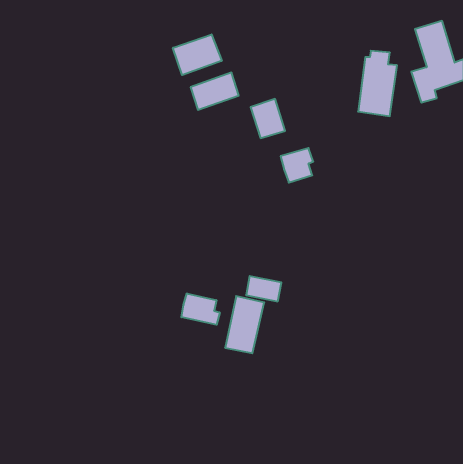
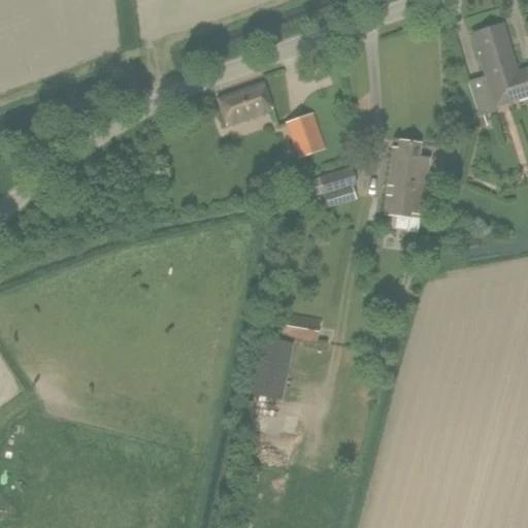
building: [173,34,222,75] -> none
building: [358,51,397,116] -> [385,140,429,214]
building: [181,293,220,325] -> none

